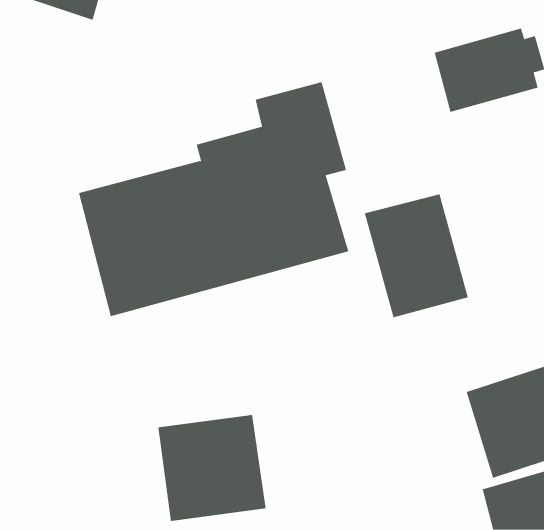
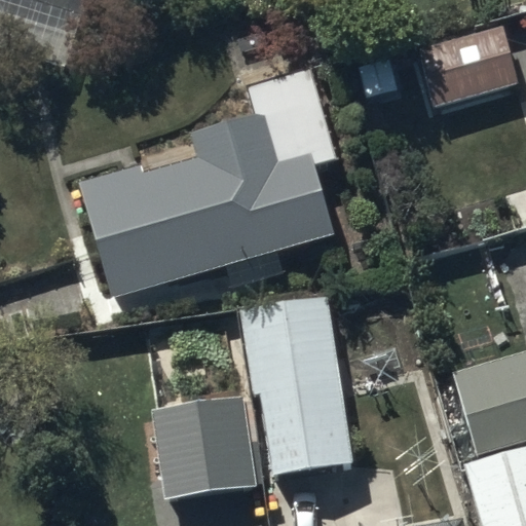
building: [364,194,468,318] -> none
building: none -> [238,296,351,479]

